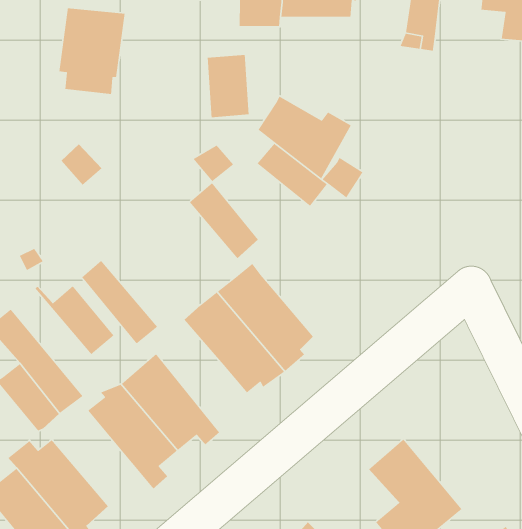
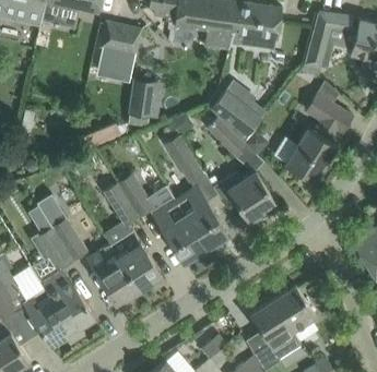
building: [207,54,250,118] -> [137,79,162,116]
building: none -> [285,94,353,181]
building: none -> [223,171,279,220]
building: [34,285,115,355] -> [108,171,152,216]
building: none -> [272,286,316,346]

